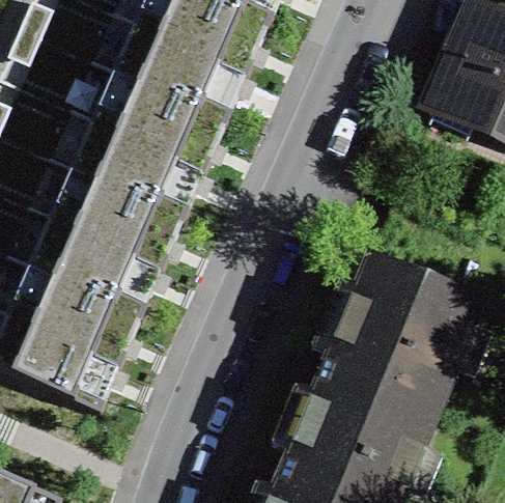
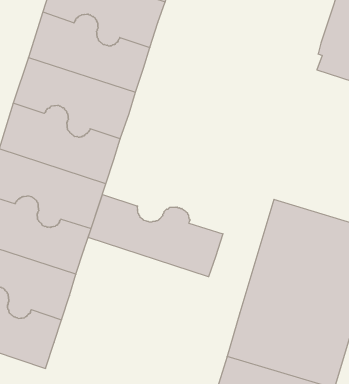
building: none -> [88,195,223,277]

